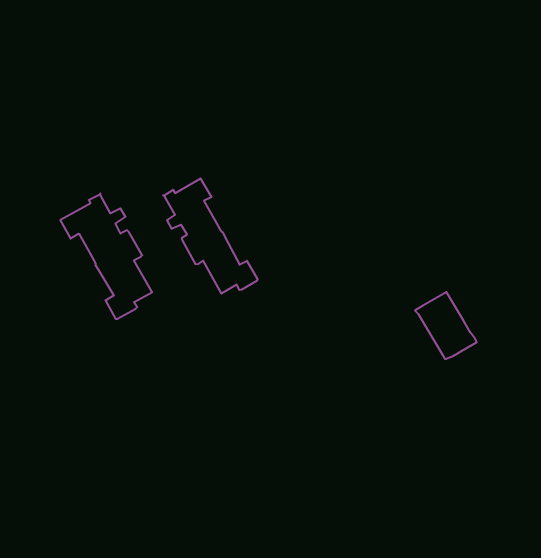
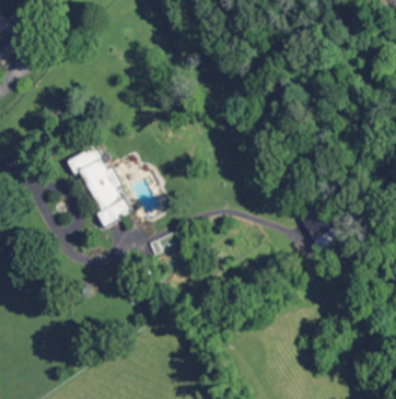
building: [163,178,258,294] -> none

